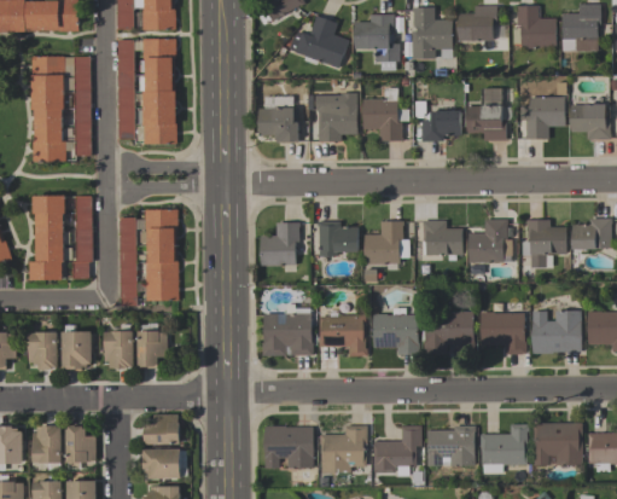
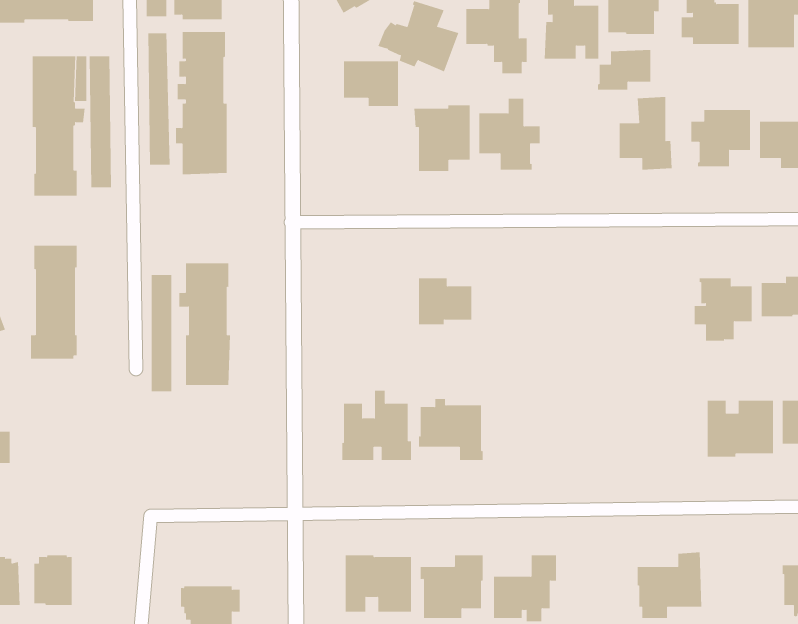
building: [257,108,298,141] -> [343,61,399,106]
building: [420,110,460,140] -> [597,49,651,90]
building: [72,196,92,278] -> none
building: [467,219,511,261] -> none
building: [421,220,461,255] -> none
building: [363,221,407,262] -> none
building: [260,222,298,263] -> none
building: [372,306,419,354] -> none
building: [424,311,472,353] -> none
building: [479,311,525,354] -> none
building: [104,324,133,369] -> none
building: [138,331,168,366] -> none
building: [29,332,57,370] -> none
building: [62,332,92,369] -> none
building: [142,413,180,443] -> none
building: [532,422,582,465] -> none
building: [66,425,95,462] -> none
building: [425,425,475,466] -> none

